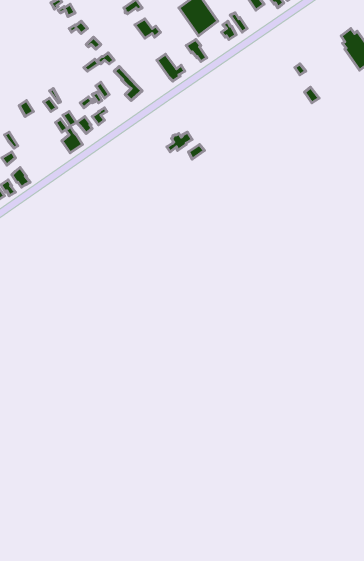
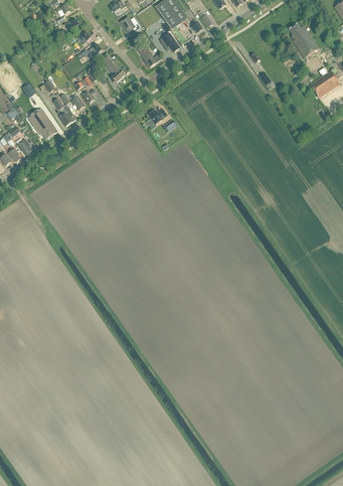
building: none -> [27,109,57,139]

